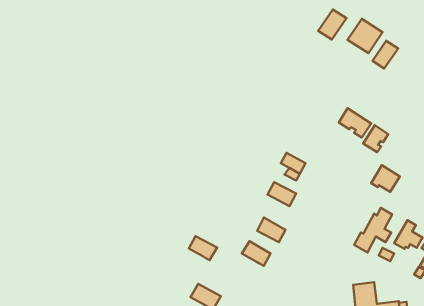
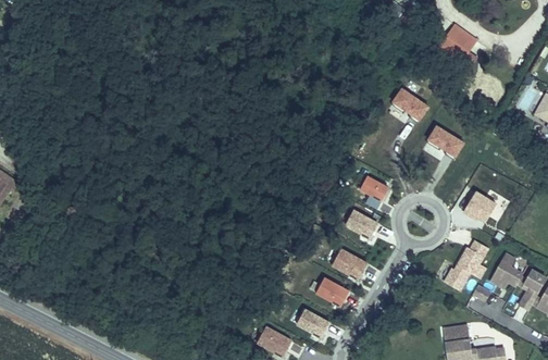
building: [318,9,346,39] -> none
building: [373,41,398,69] -> none
building: none -> [391,88,428,122]
building: [363,125,388,152] -> none
building: [189,236,217,260] -> [298,309,331,336]

